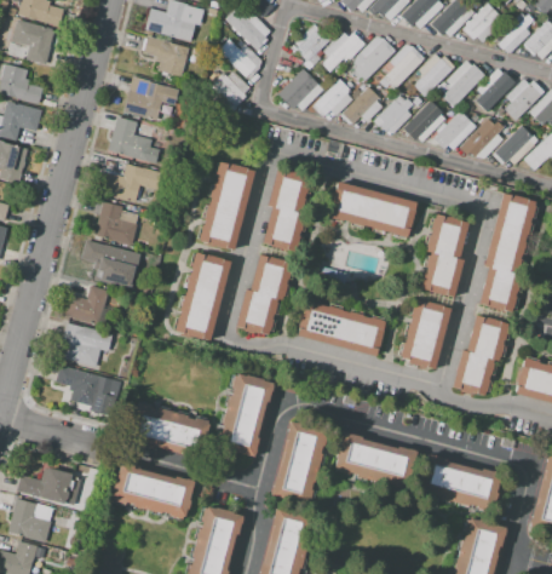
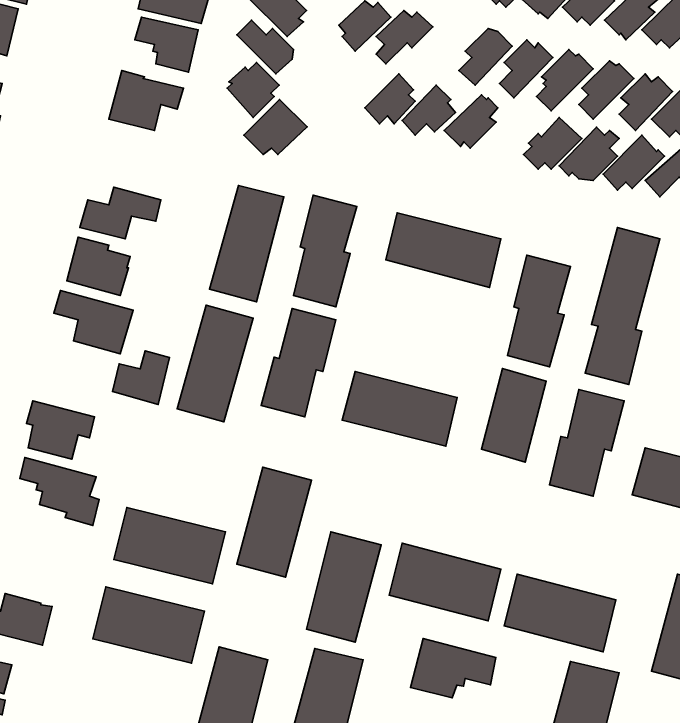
building: [355,36,396,81] -> none
building: [277,69,324,110] -> [244,99,307,155]
building: [404,99,445,142] -> none
building: [109,117,160,162] -> none
building: [67,286,109,326] -> [113,351,169,404]
building: none -> [410,638,496,698]

